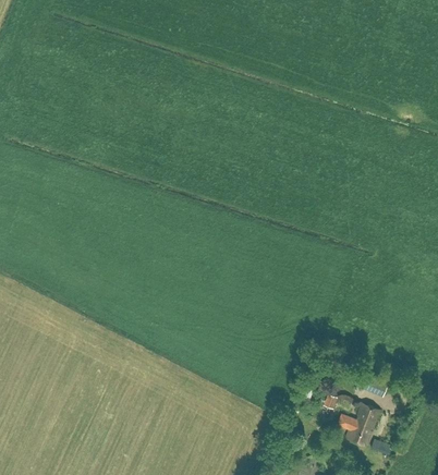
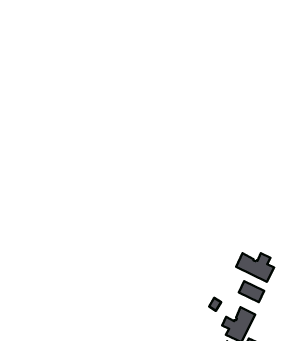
building: none -> [236,253,274,282]

